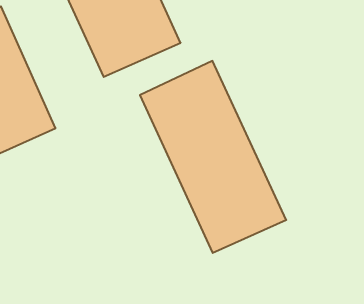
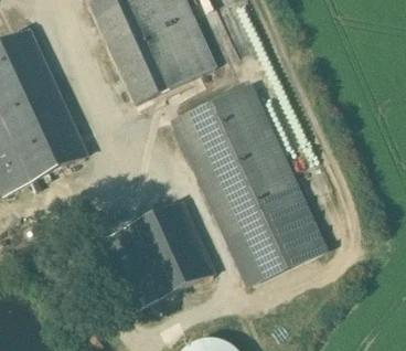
building: none -> [101,201,214,309]

